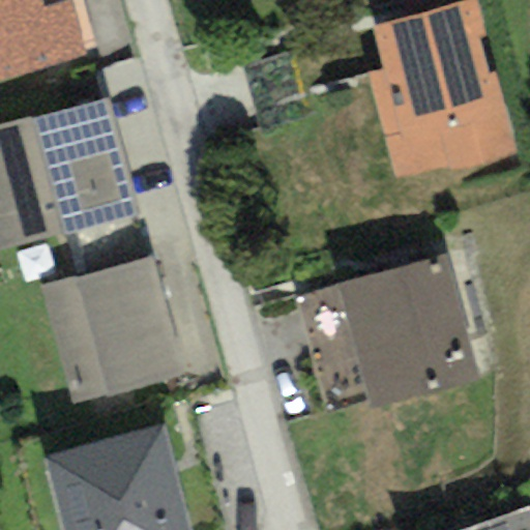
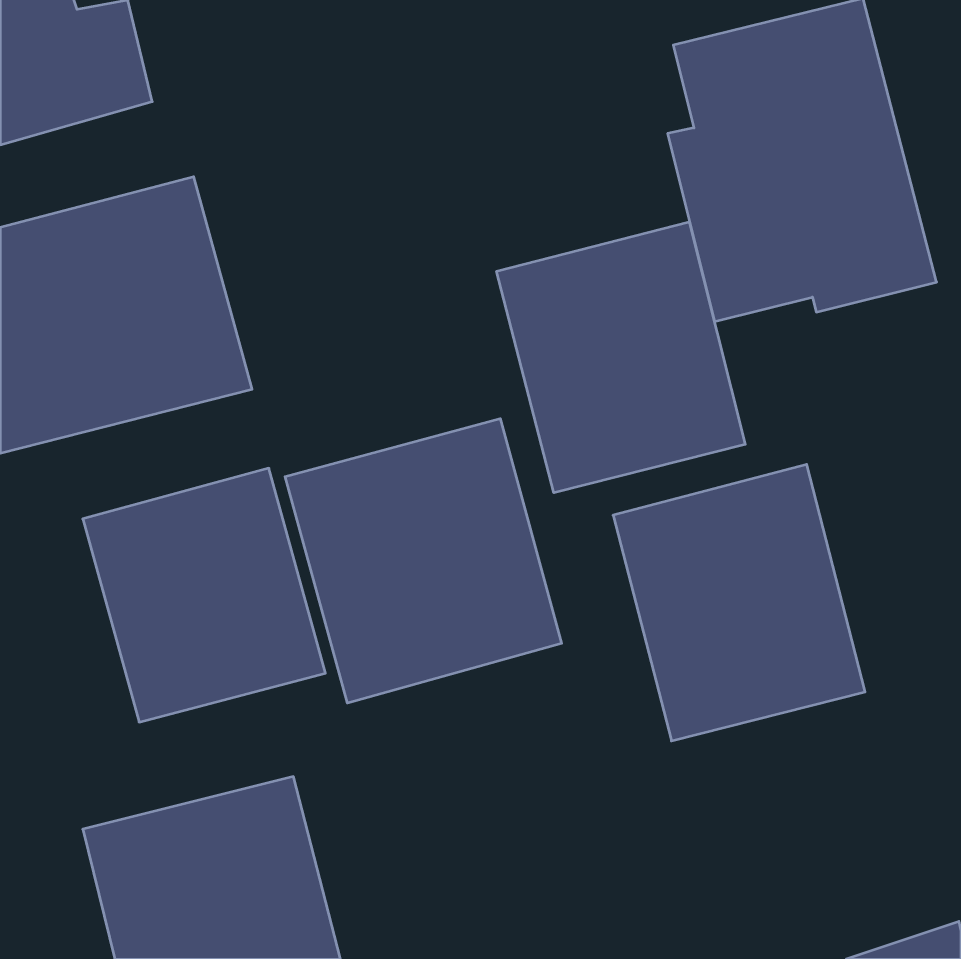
building: none -> [497,222,745,493]
building: none -> [285,419,562,703]

